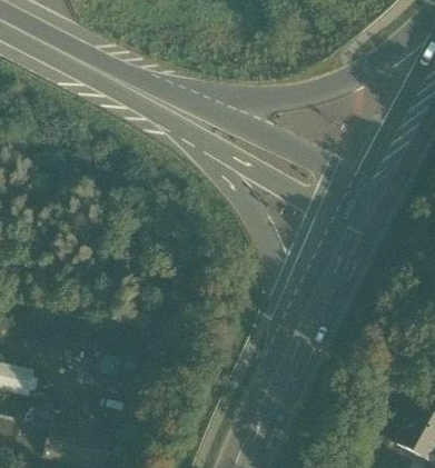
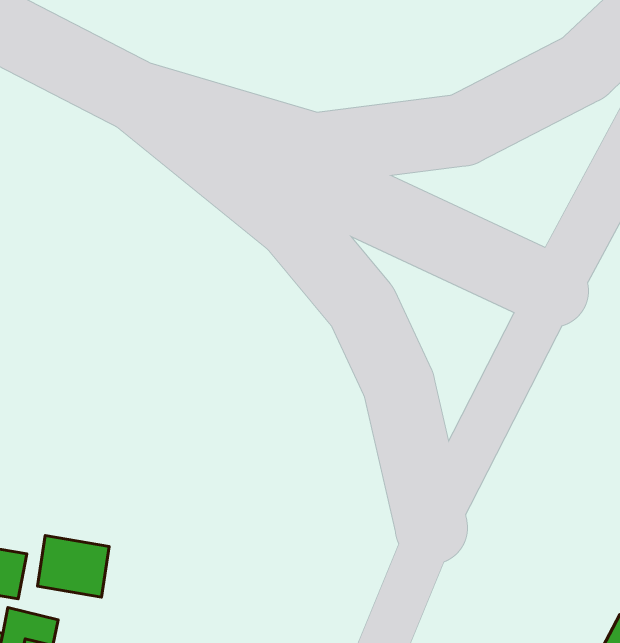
building: none -> [37,535,109,597]

